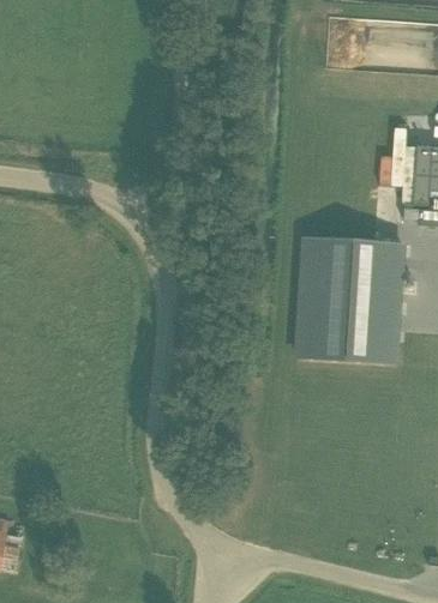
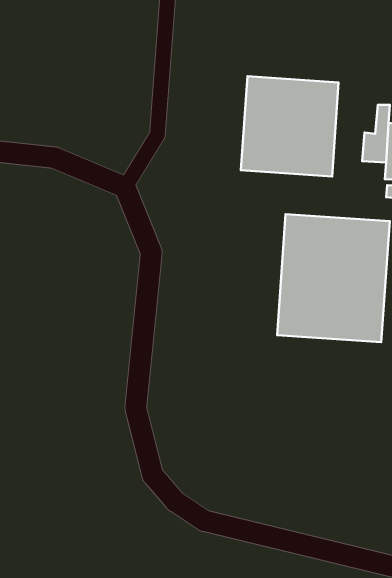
building: none -> [241,76,339,177]

